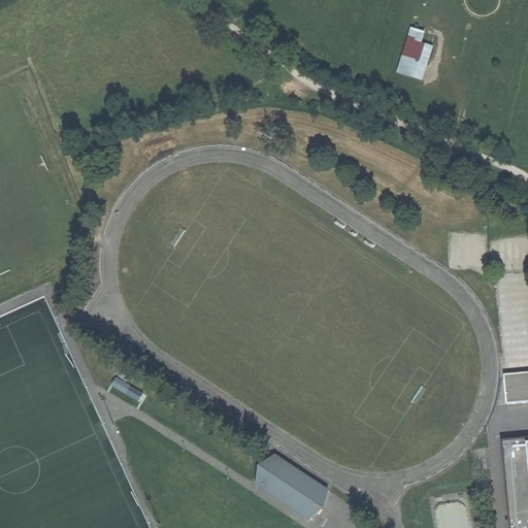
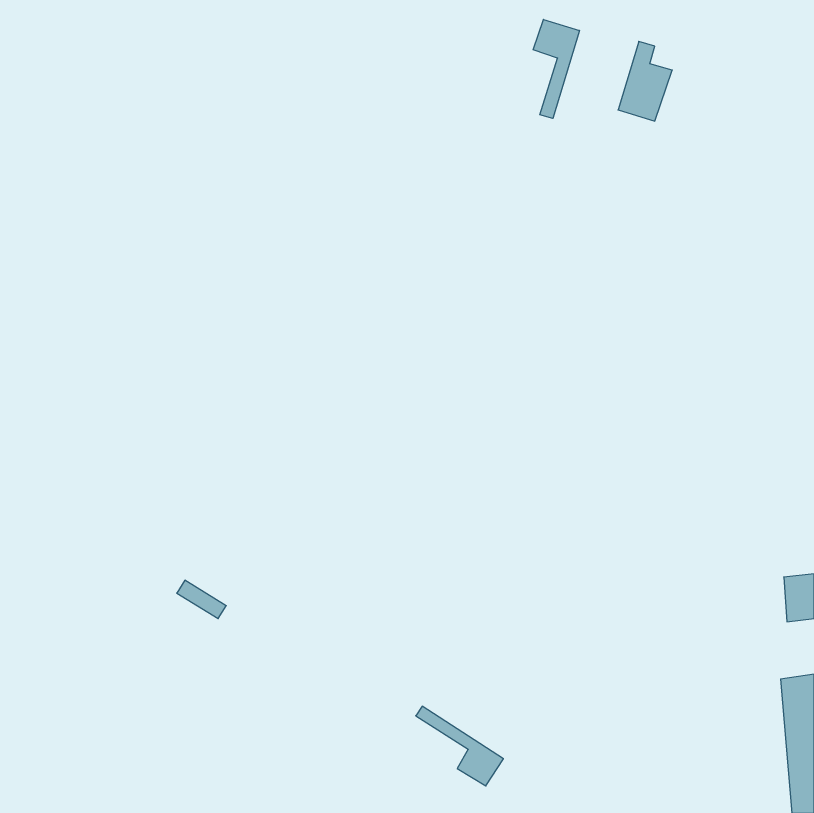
building: none -> [533,19,579,118]
building: [258,463,315,519] -> none

